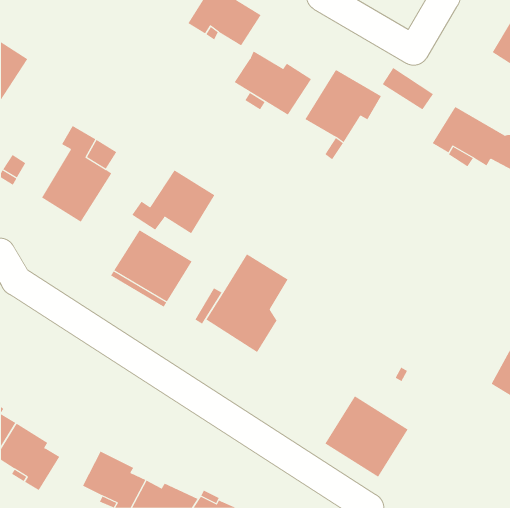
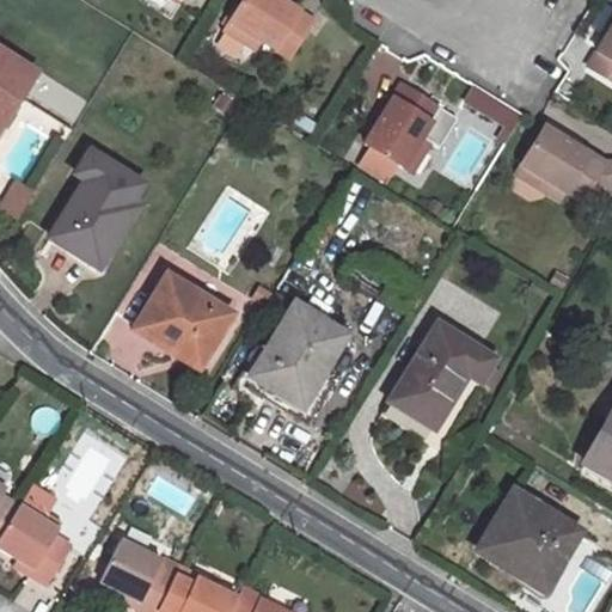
building: [234,50,312,116] -> none
building: [132,169,215,234] -> none
building: none -> [391,322,494,427]
building: [324,395,409,478] -> [478,490,579,588]

